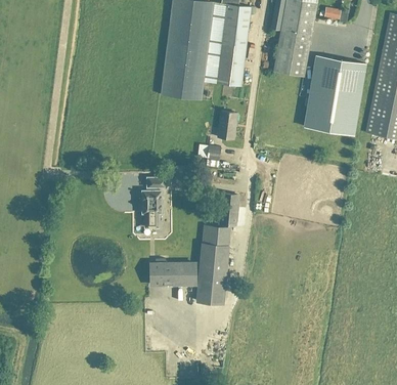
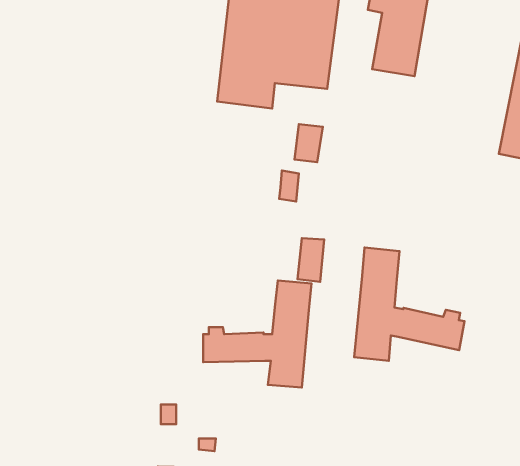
building: [303,55,365,135] -> none
building: [142,178,165,227] -> none
building: none -> [354,248,465,361]

